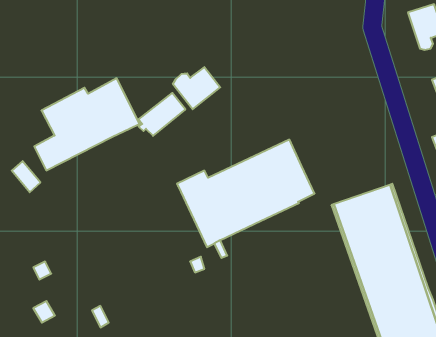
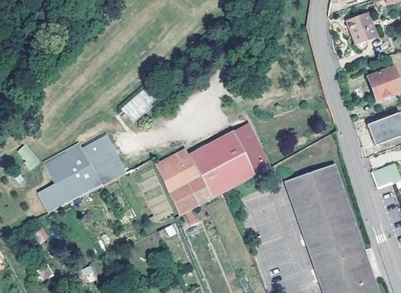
building: [173,67,220,109] -> none
building: [34,78,140,170] -> [38,135,126,212]

